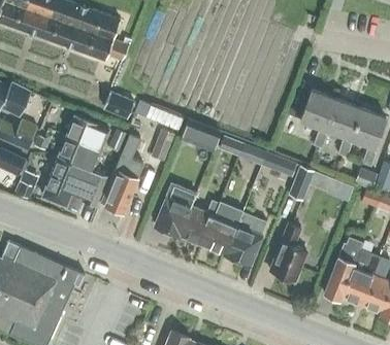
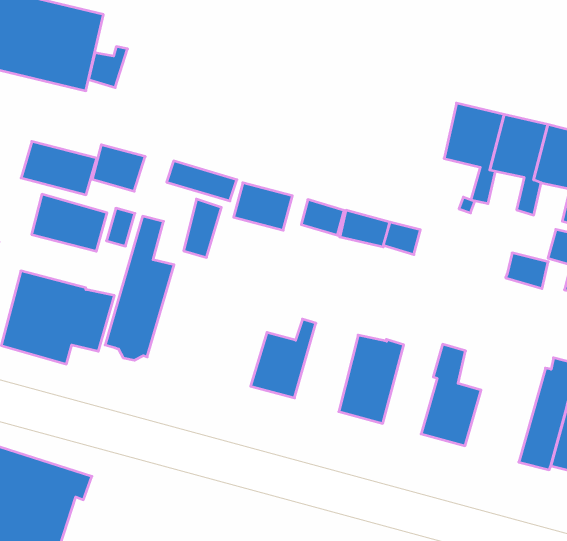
building: [59,137,102,170] -> [21,141,97,195]
building: [288,165,314,201] -> none
building: [156,184,197,235] -> none
building: [203,204,242,254] -> none

